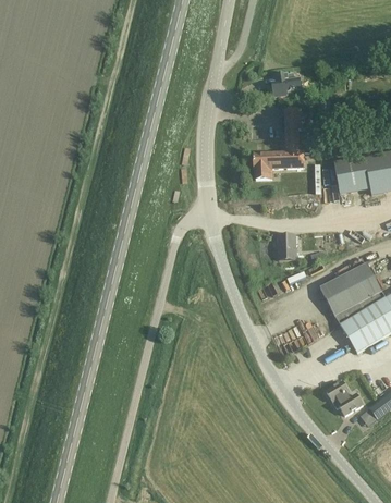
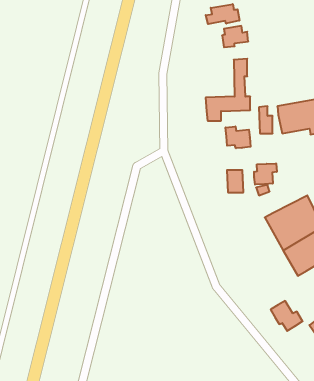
building: none -> [206,4,239,24]
building: none -> [226,126,251,148]
building: none -> [254,163,277,185]

